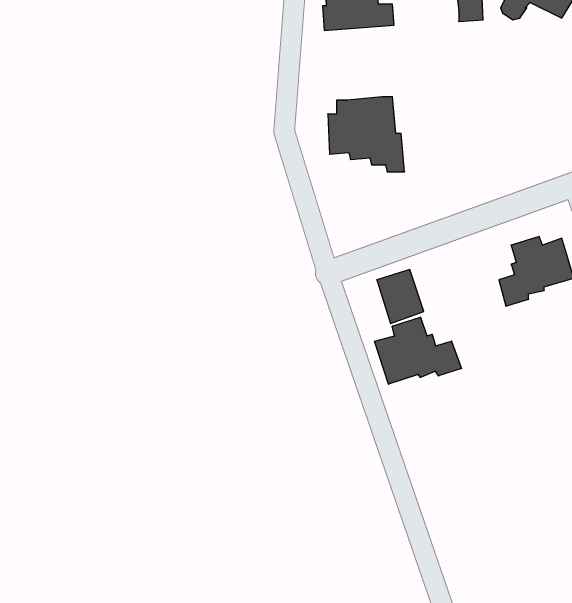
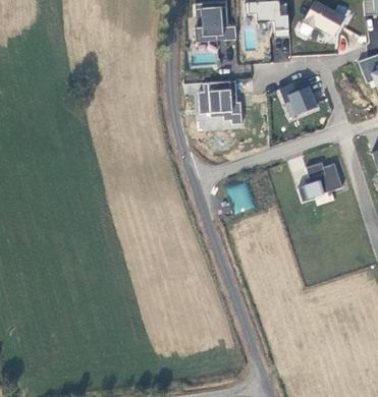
building: none -> [278,76,318,116]
building: [375,317,461,384] -> none

